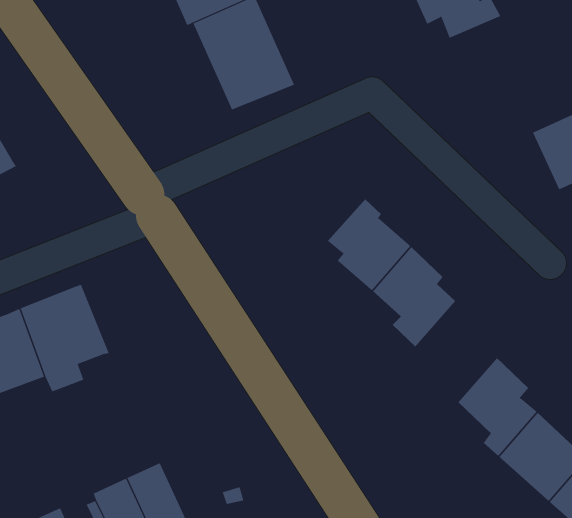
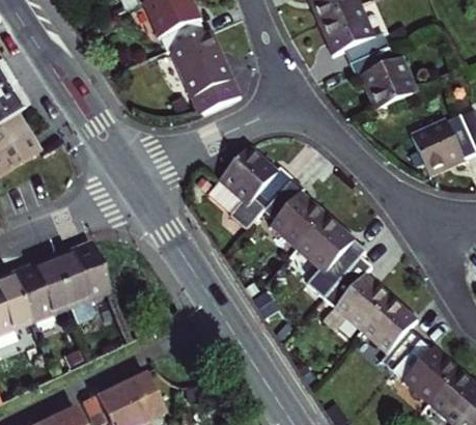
building: none -> [356,45,425,108]
building: none -> [212,148,293,229]
building: none -> [331,255,391,330]

